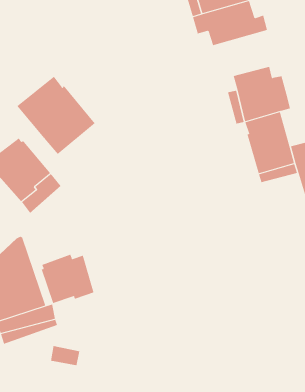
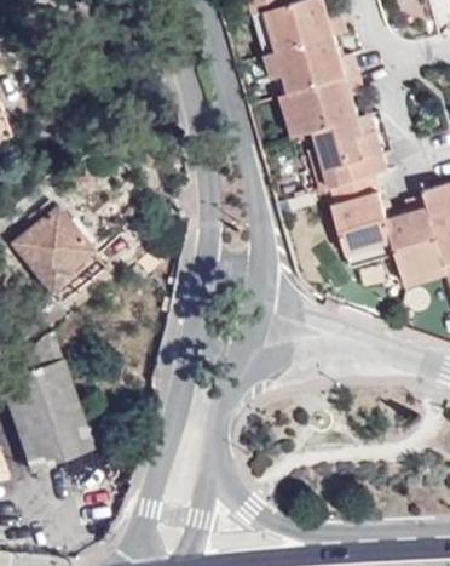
building: none -> [281,74,364,137]
building: [17,76,96,155] -> none
building: [41,254,94,304] -> none

